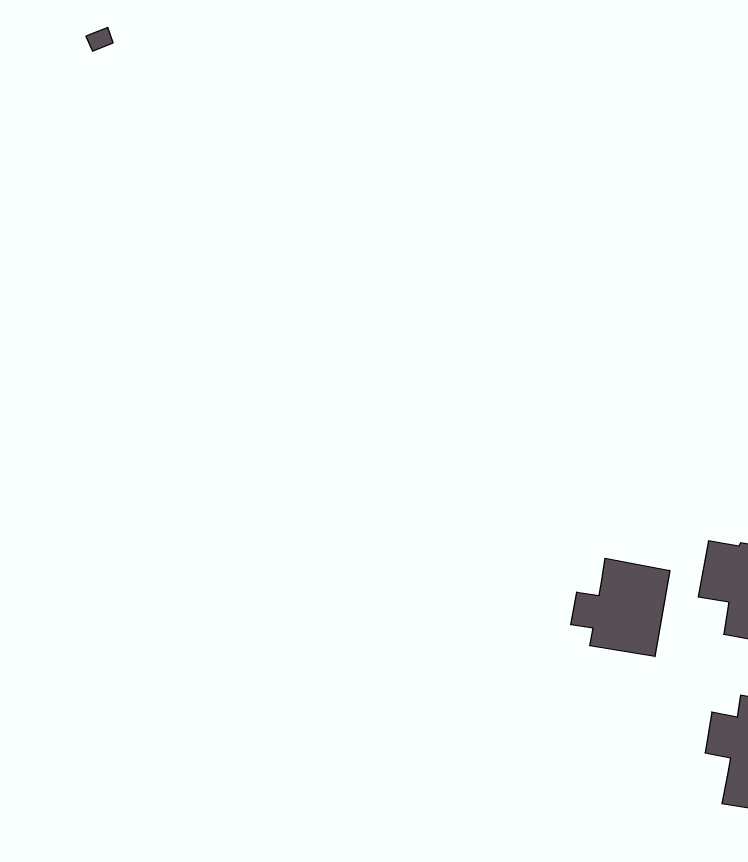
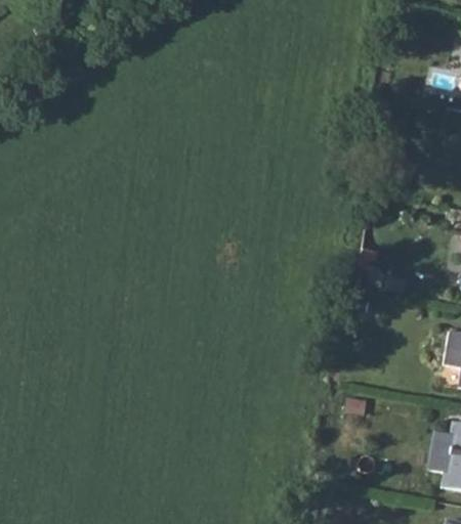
building: [571,558,670,657] -> none

